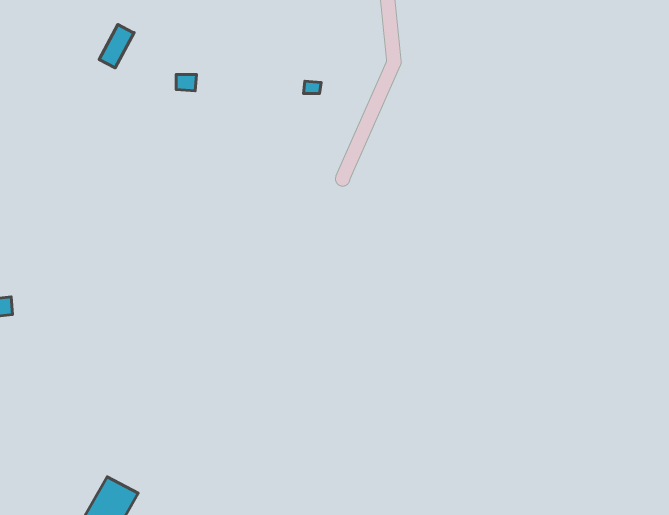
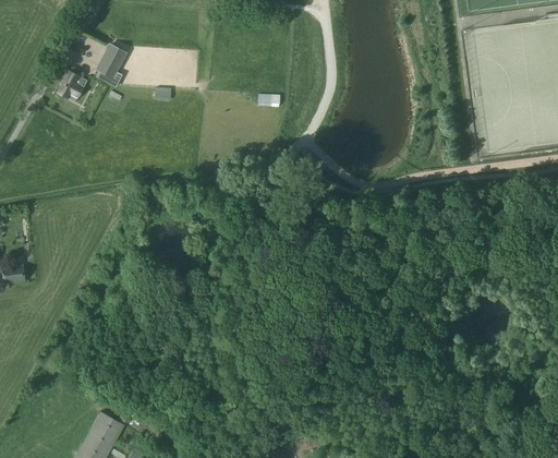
building: none -> [58,70,86,97]

